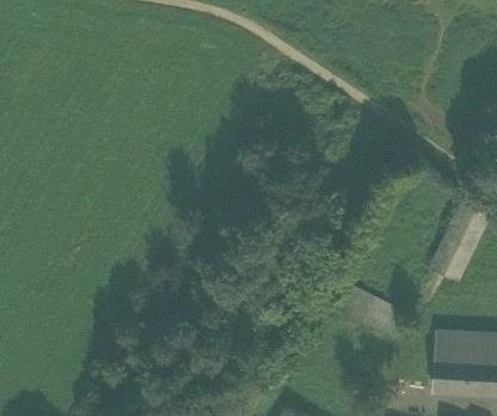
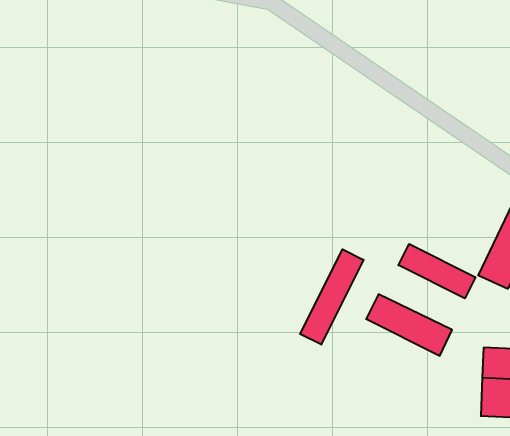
building: none -> [398,244,475,298]
building: none -> [300,249,364,345]

